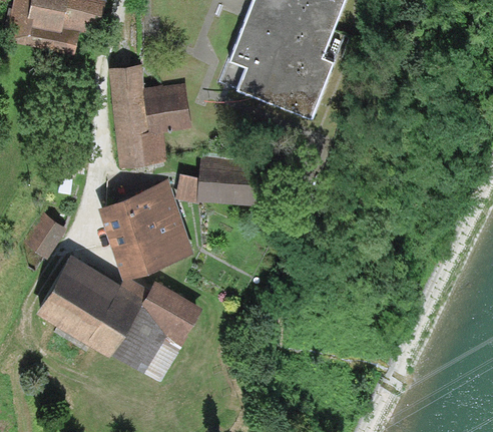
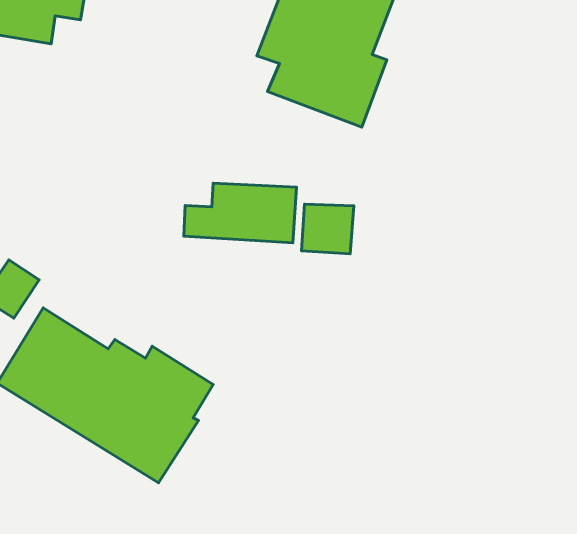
building: [107,66,193,165] -> none
building: none -> [301,204,354,254]
building: [98,183,189,276] -> none

